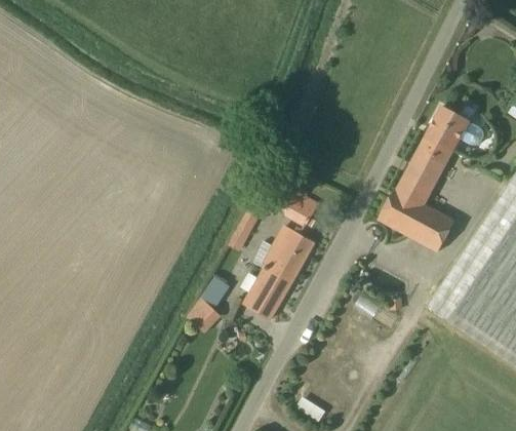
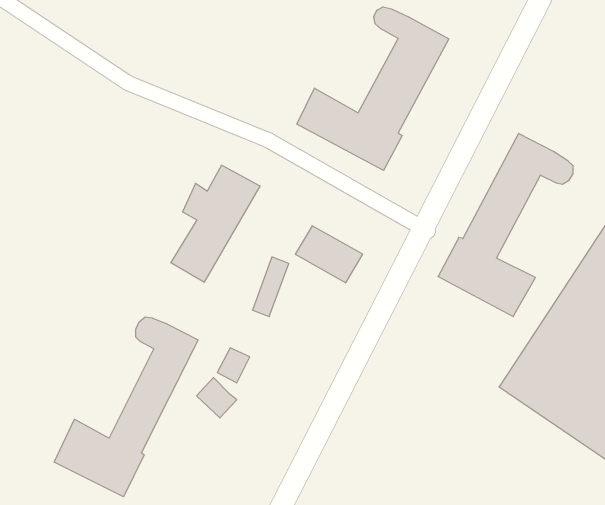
building: none -> [297,7,449,170]
building: [244,226,315,318] -> [171,165,260,282]
building: none -> [54,317,198,497]

